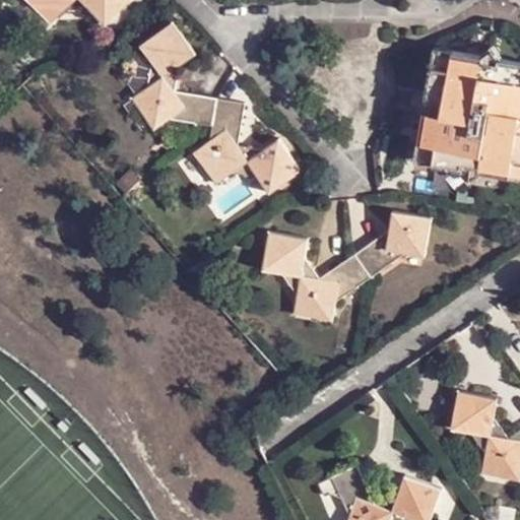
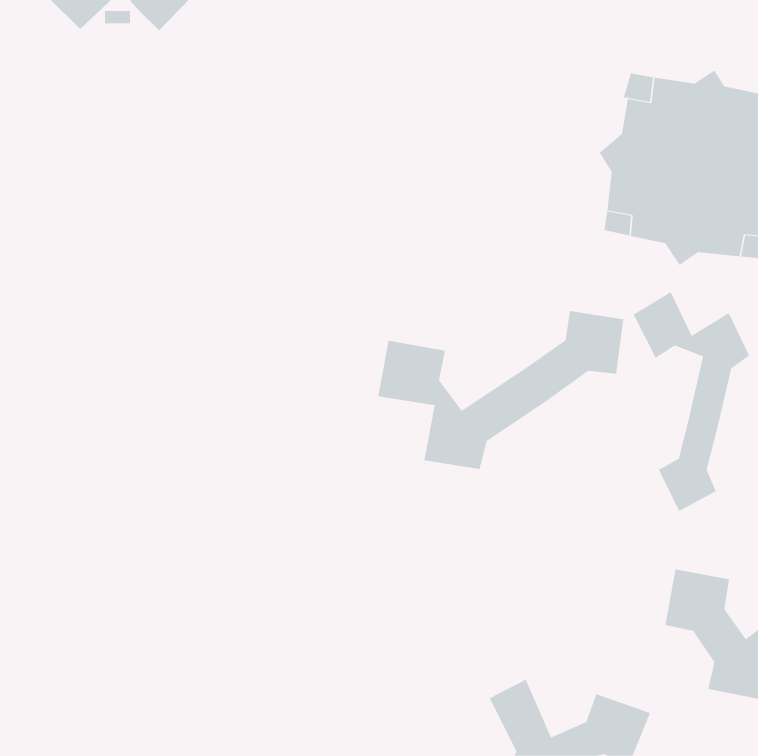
building: [129,24,299,195] -> none
building: none -> [633,291,750,512]

